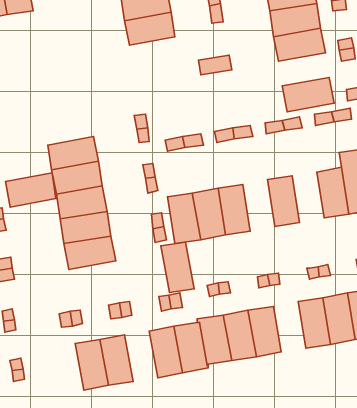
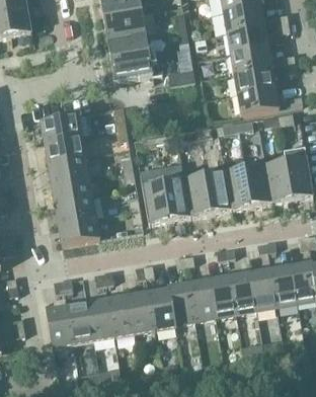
building: none -> [110,52,152,80]
building: none -> [233,65,274,92]
building: none -> [244,163,270,205]
building: [5,173,56,207] -> [39,112,81,141]
building: none -> [204,169,230,212]
building: [161,242,194,293] -> [106,294,134,335]
building: none -> [229,269,255,311]
building: none -> [45,304,73,345]

